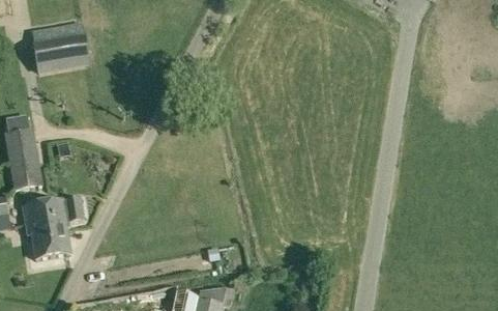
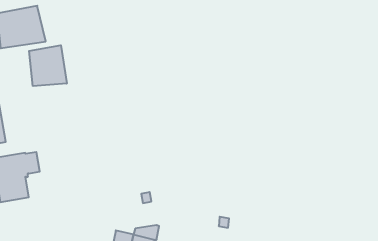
building: none -> [29,45,67,86]

